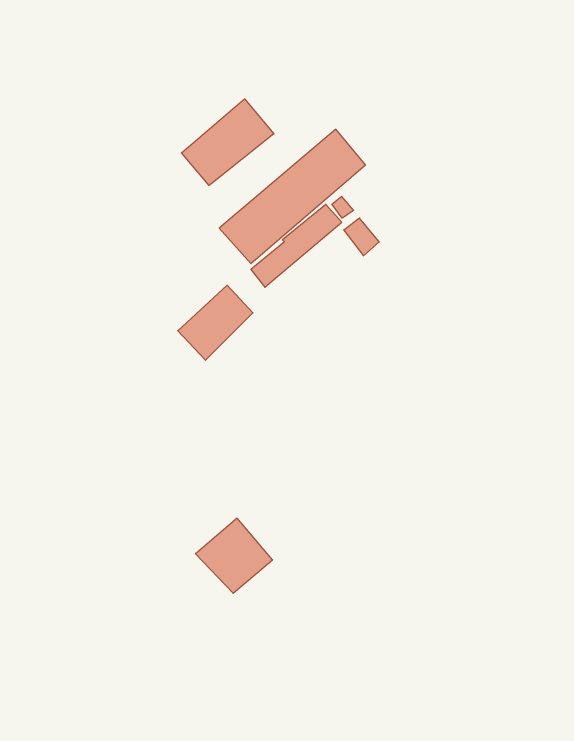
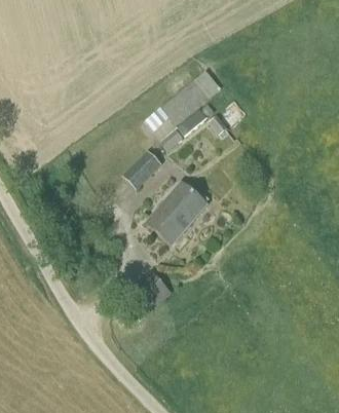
building: [181,99,274,185] -> none
building: none -> [149,183,211,245]

